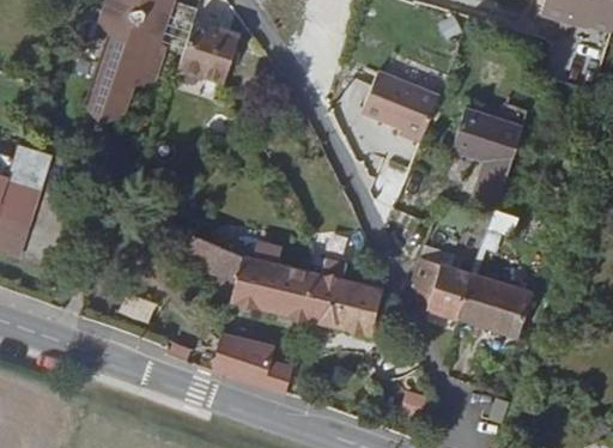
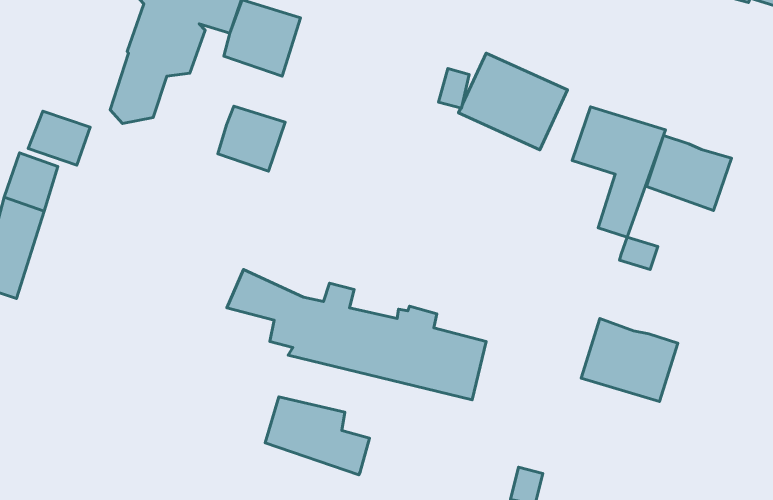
building: none -> [218,106,285,171]
building: none -> [28,111,90,165]
building: none -> [647,135,732,211]
building: [412,244,472,319] -> none

